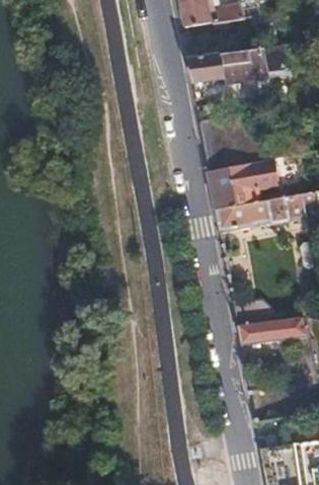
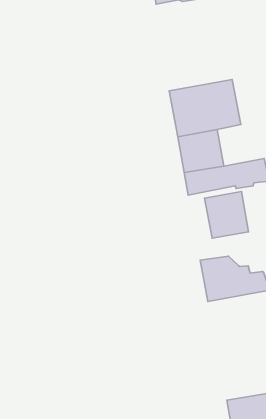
building: [191,48,269,86] -> none
building: none -> [204,191,248,238]

